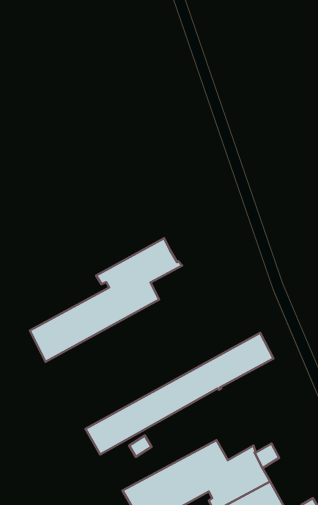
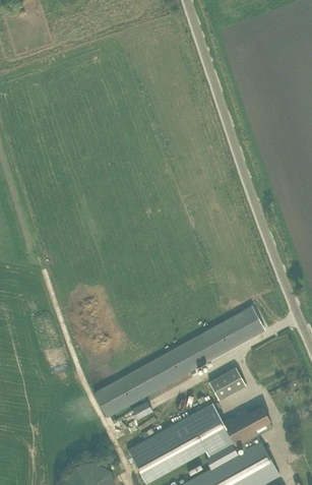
building: [30,238,182,362] -> none
building: none -> [209,366,247,401]

